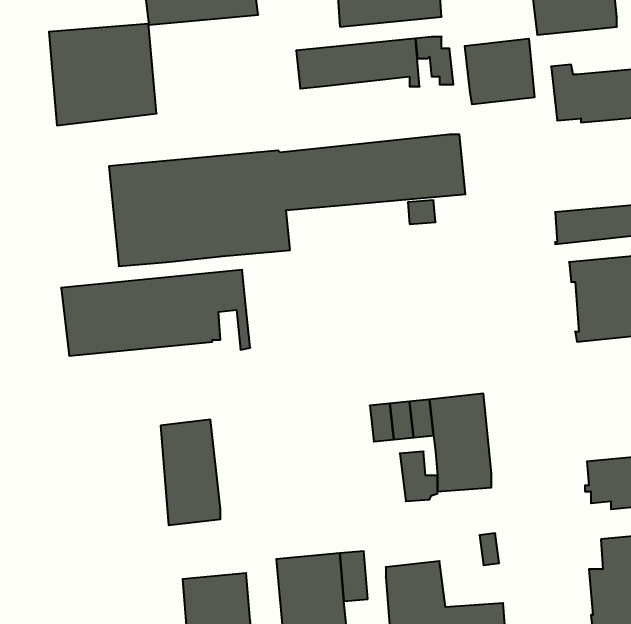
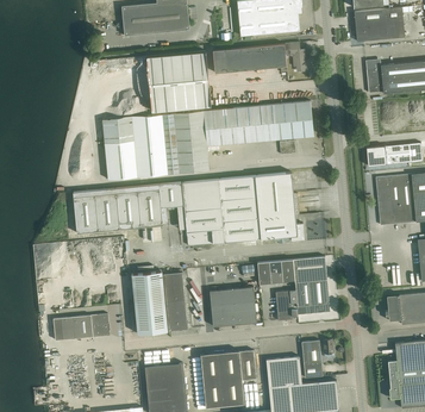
building: [49,24,157,125] -> [146,52,211,113]
building: [465,39,534,104] -> none
building: none -> [182,173,305,246]
building: none -> [163,273,188,331]
building: none -> [210,287,257,326]
building: none -> [54,313,110,341]
building: none -> [301,341,323,377]

